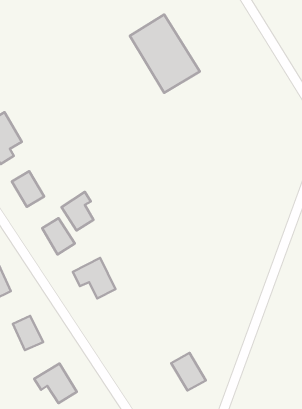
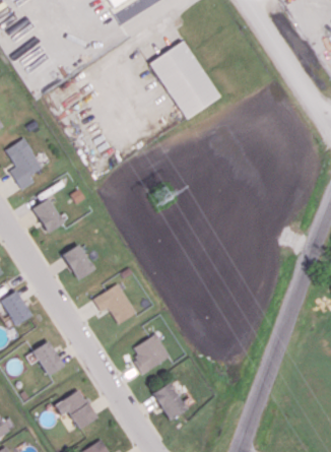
building: [61,192,94,231] -> none
building: none -> [130,334,170,372]
building: [171,353,206,391] -> [152,382,187,419]

